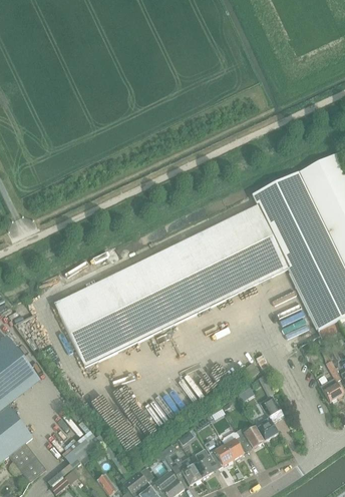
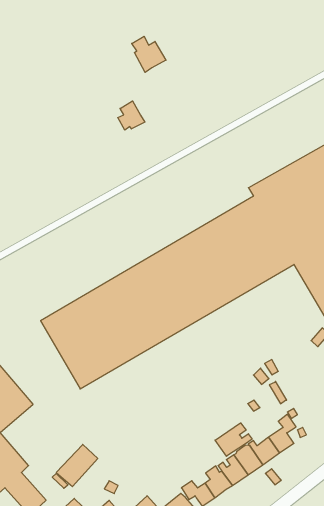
building: none -> [132,36,166,72]
building: none -> [118,101,145,130]
building: none -> [215,423,252,456]

